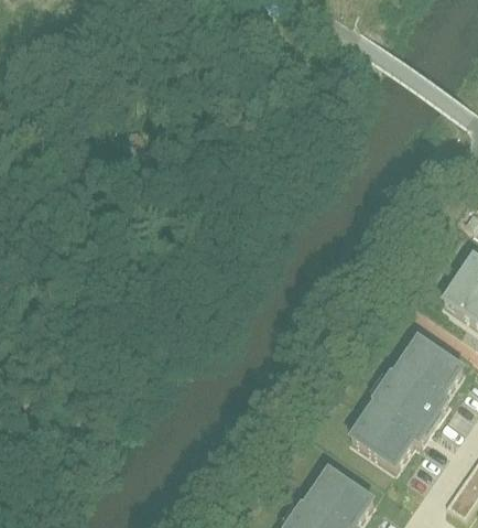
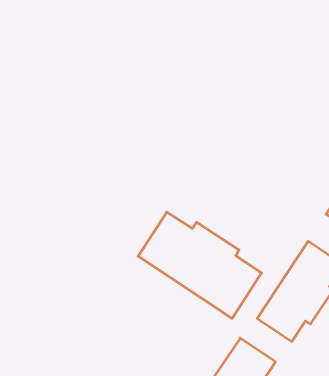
building: none -> [138,212,262,318]

